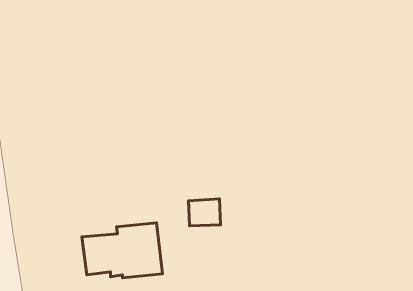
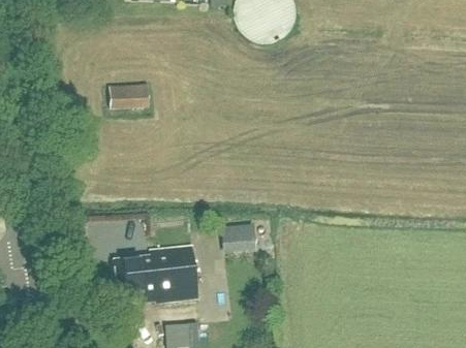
building: none -> [107,84,149,108]

